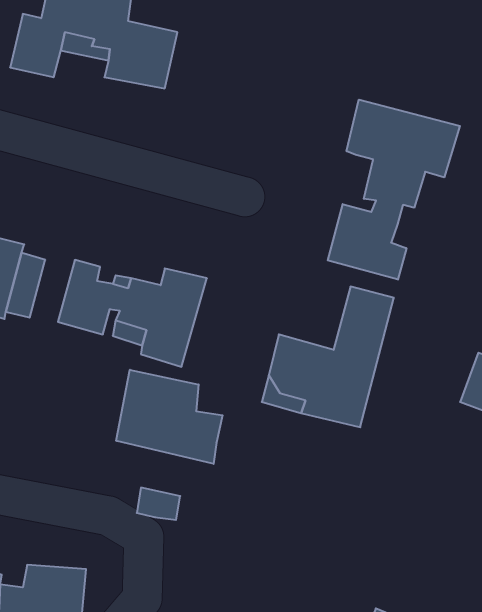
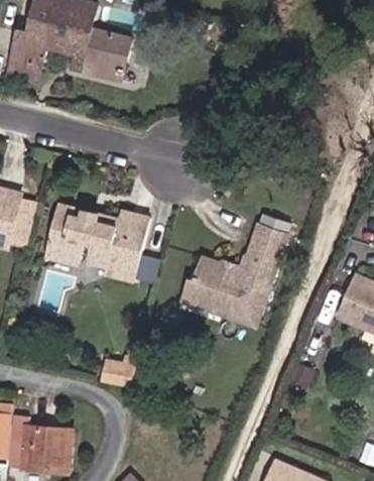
building: [328,100,460,280] -> none
building: [116,370,223,464] -> none

